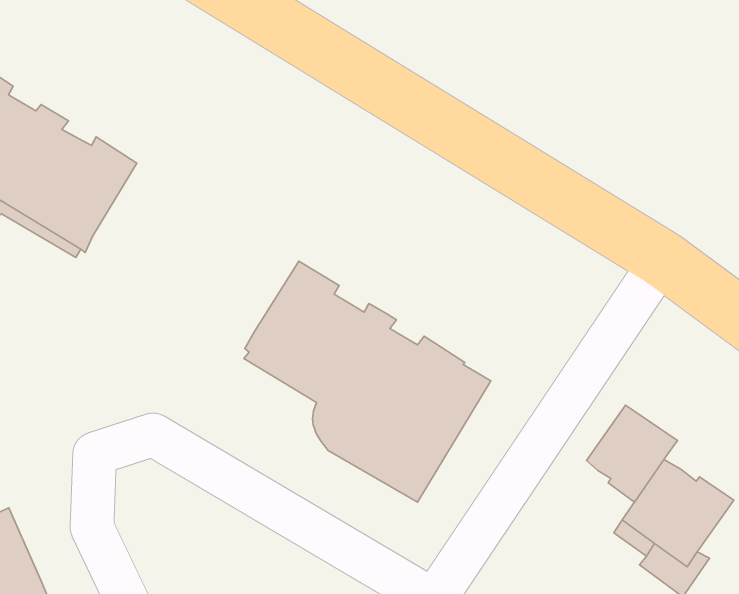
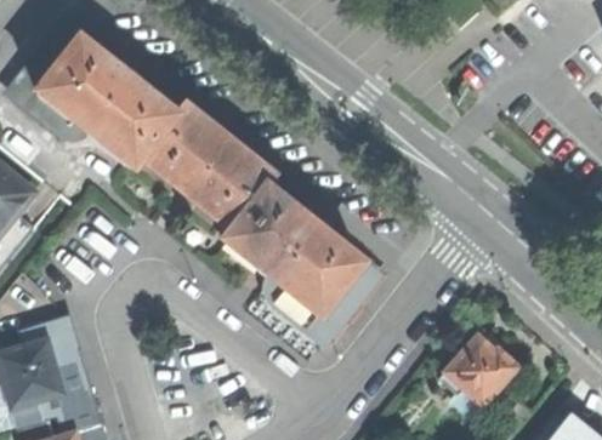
building: none -> [142,101,276,224]
building: [586,405,678,502] -> none

